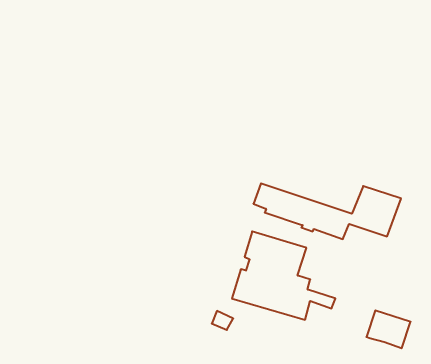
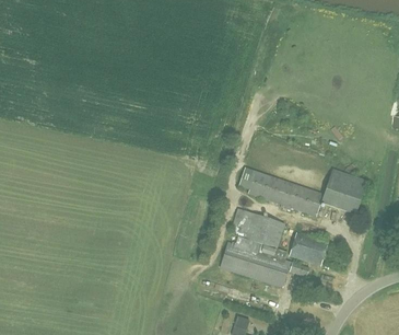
building: [366,310,411,348] -> [290,232,328,265]

